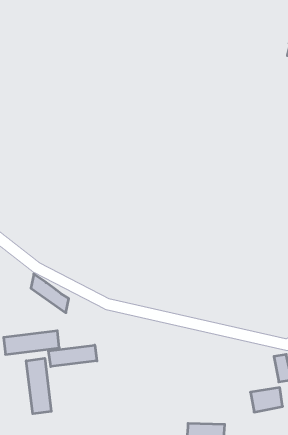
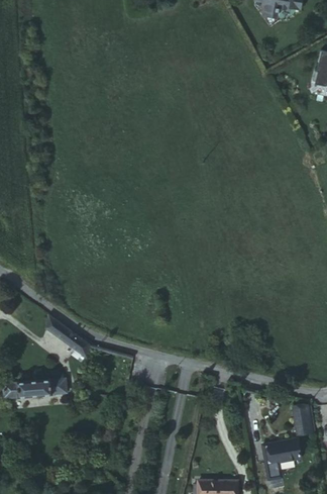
building: [49,345,97,367] -> none
building: [26,358,51,414] -> none

